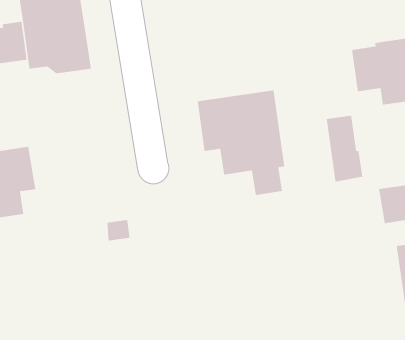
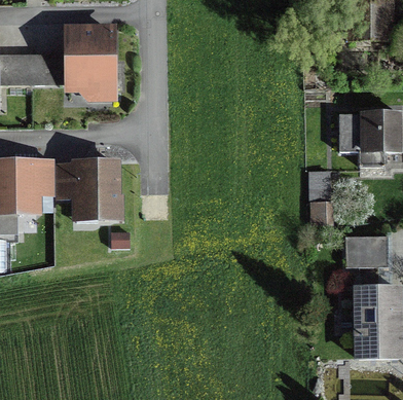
building: [197,90,285,196] -> none
building: none -> [53,158,123,221]

